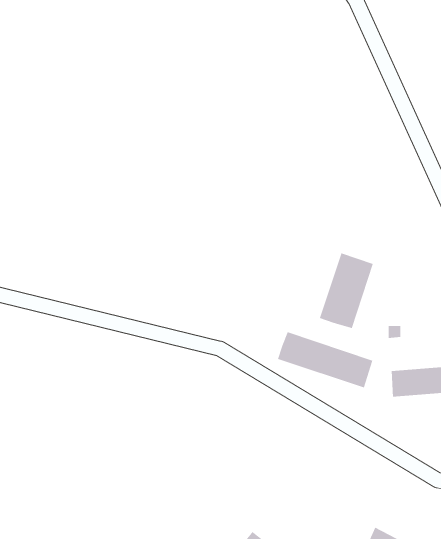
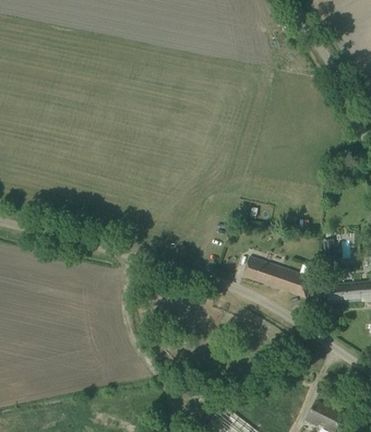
building: [319,253,373,329] -> none

